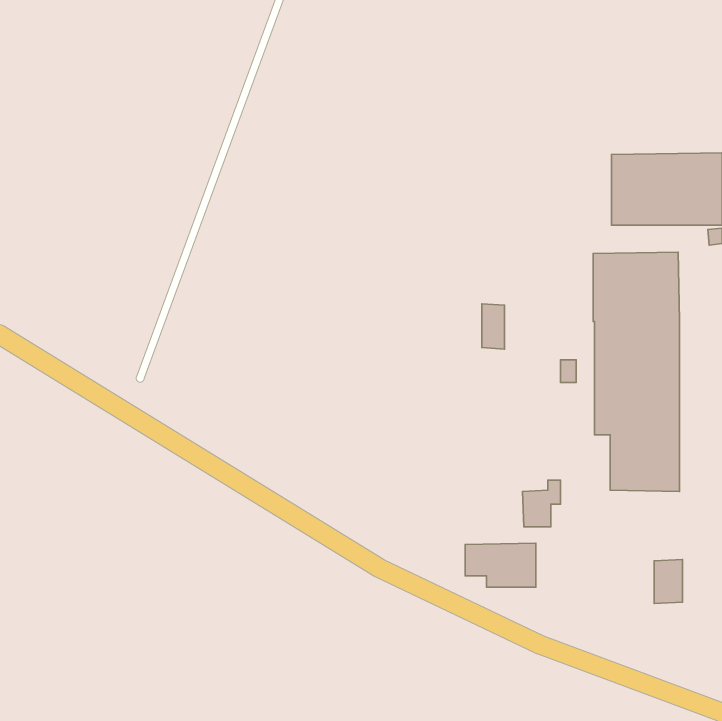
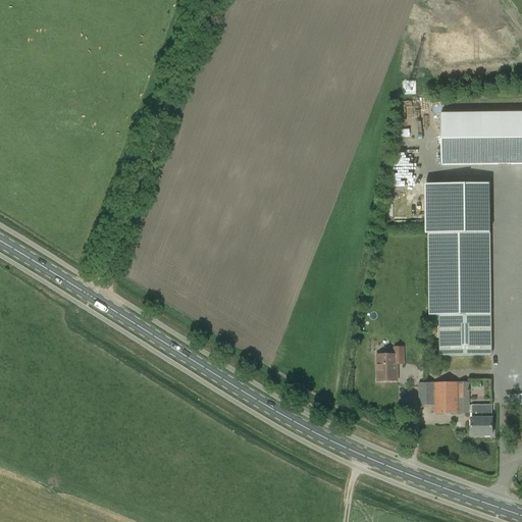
building: [482,304,504,349] -> none
building: [465,543,536,587] -> [418,380,469,412]

